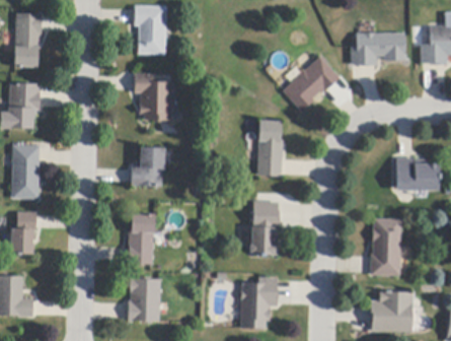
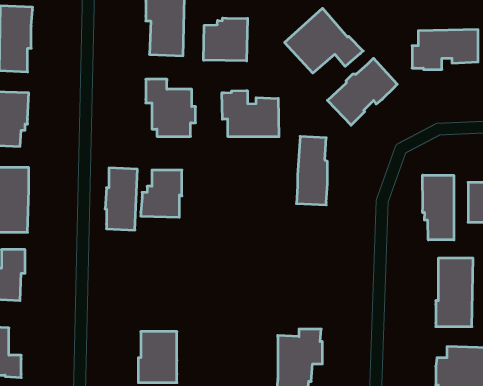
building: none -> [285,8,363,73]
building: none -> [204,18,248,61]
building: none -> [222,91,279,137]
building: none -> [423,175,454,240]
building: [253,201,280,256] -> none
building: [129,213,155,264] -> [105,168,137,230]

